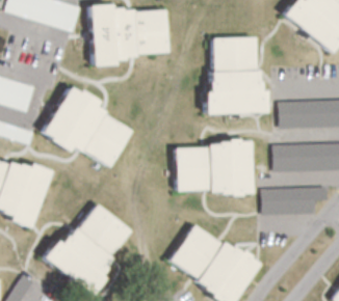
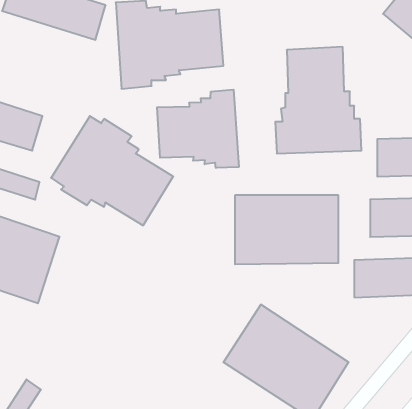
building: none -> [157,90,239,168]
building: [43,203,133,292] -> none

